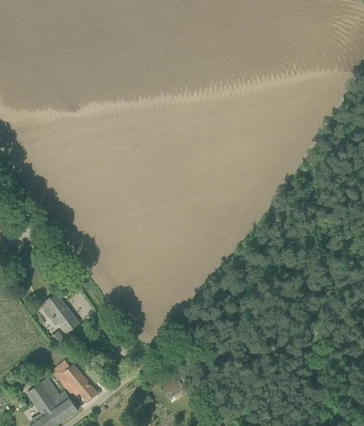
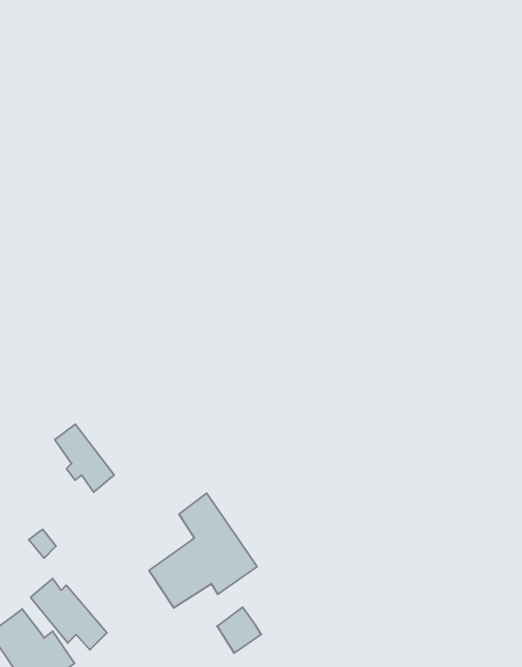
building: [43,293,78,333] -> [55,424,114,492]
building: none -> [149,493,257,608]

